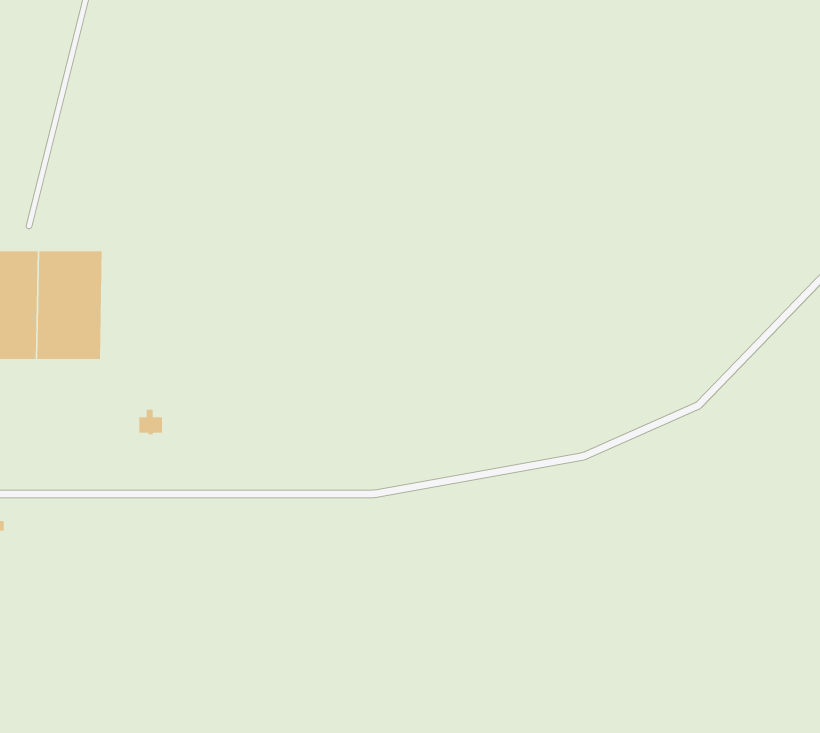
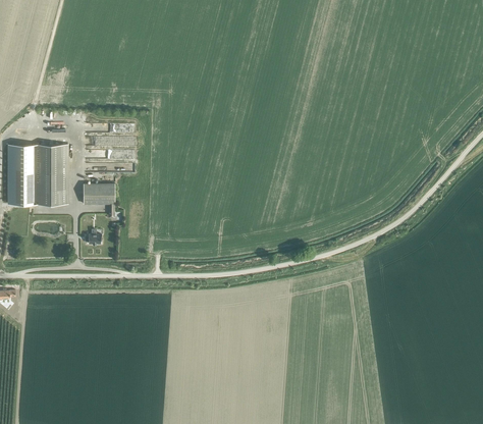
building: none -> [83,183,113,204]

